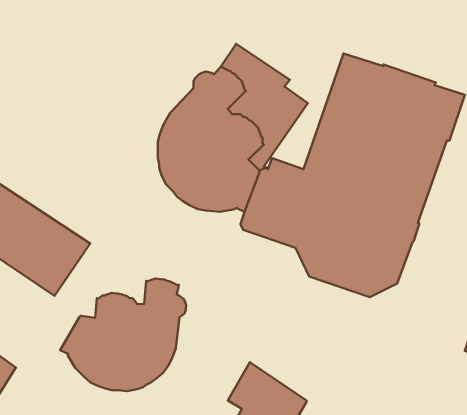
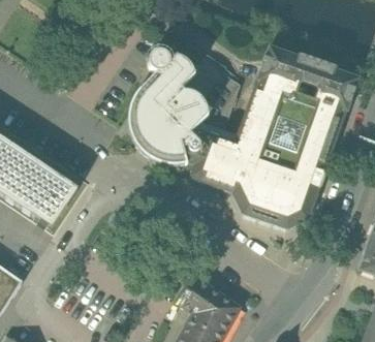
building: [60,279,186,391] -> none

